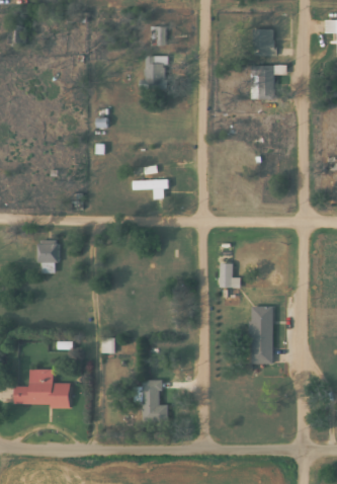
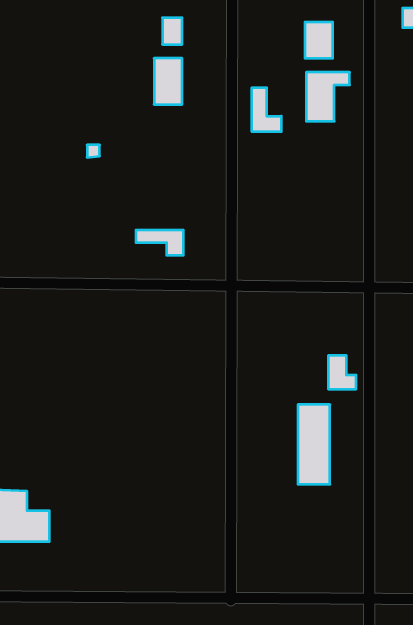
building: none -> [252,88,281,132]
building: [38,239,57,272] -> none
building: [220,262,240,287] -> [328,356,356,389]
building: [143,380,167,421] -> none

